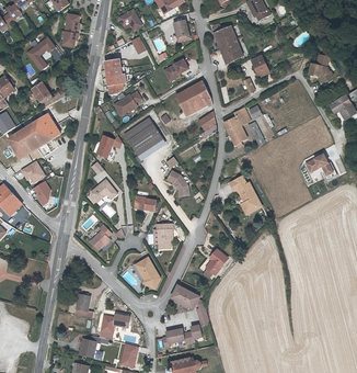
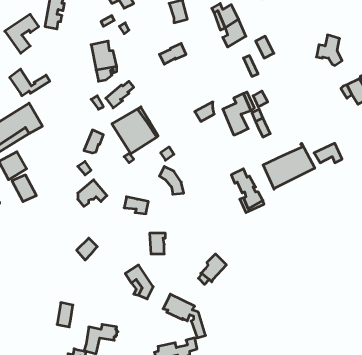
building: [175,82,211,115] -> none
building: none -> [263,143,315,189]

